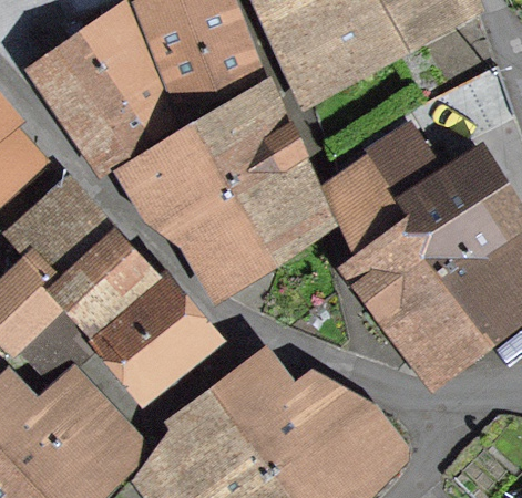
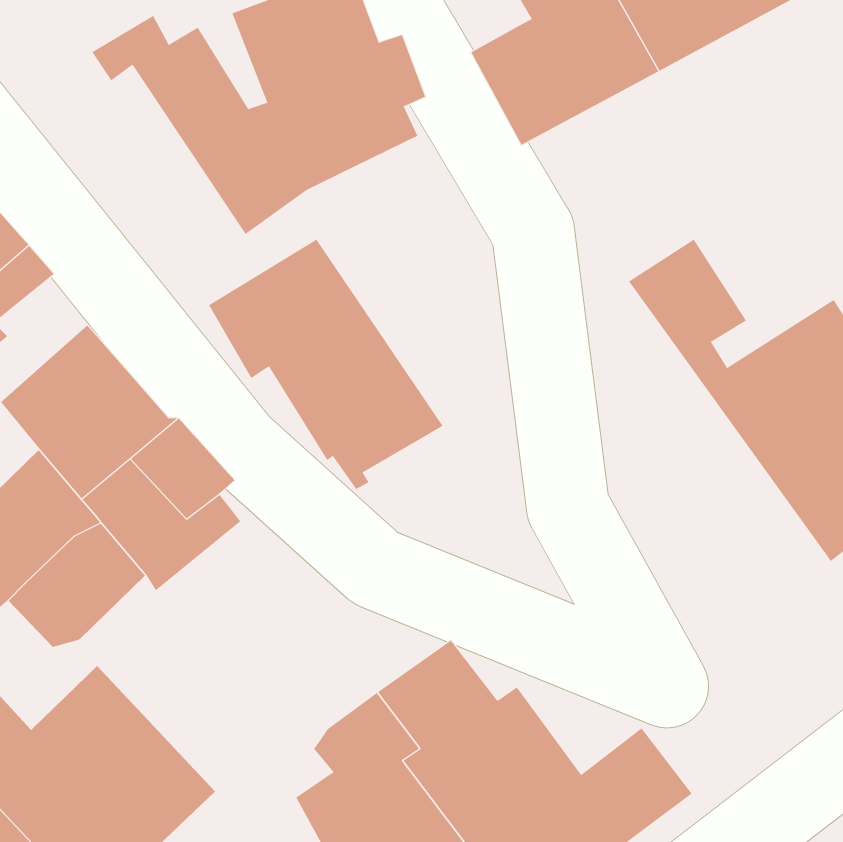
building: [40,40,152,168] -> none
building: [193,95,318,245] -> none
building: [336,163,485,371] -> none
building: [101,287,216,393] -> none

